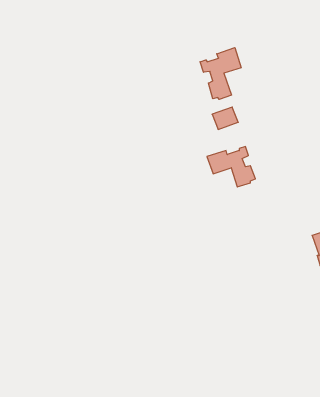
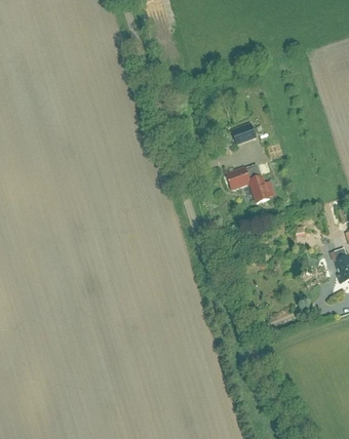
building: [200,48,241,99] -> none

